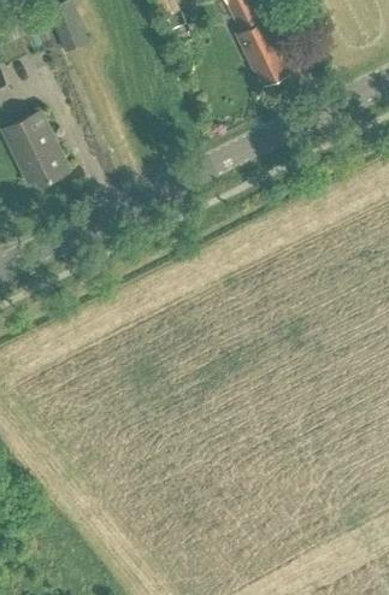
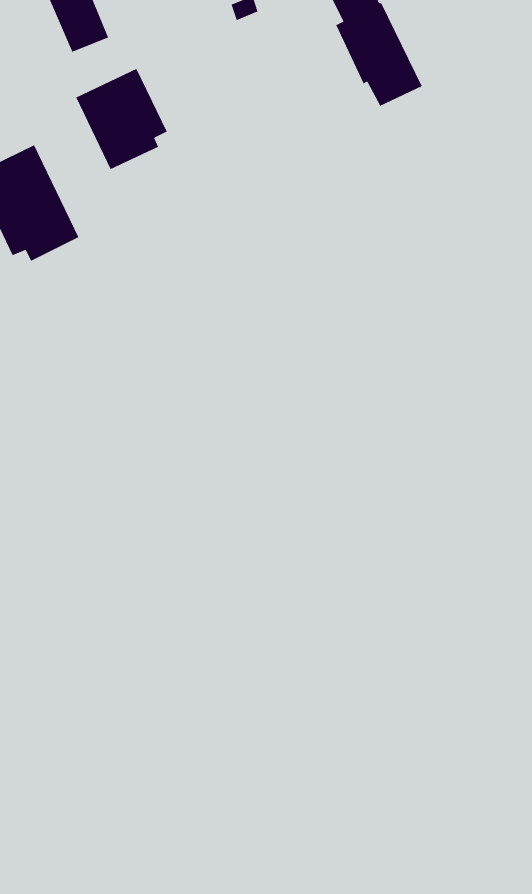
building: none -> [75,68,168,170]

